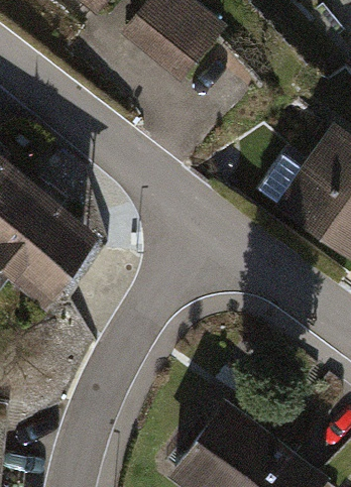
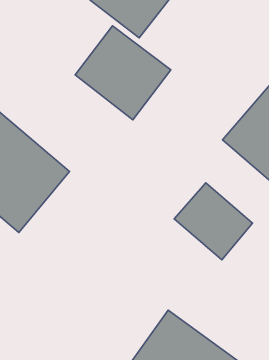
building: none -> [75,26,171,120]
building: none -> [174,183,253,260]

